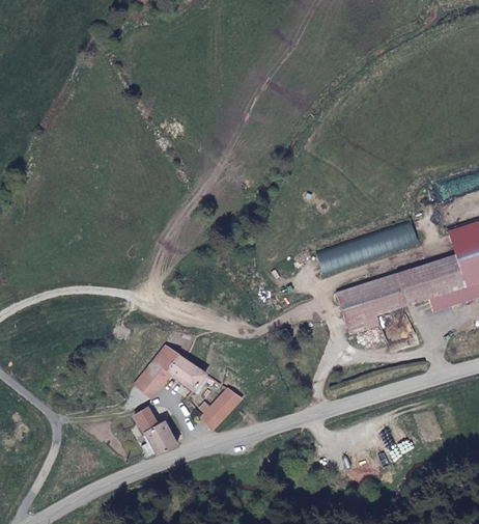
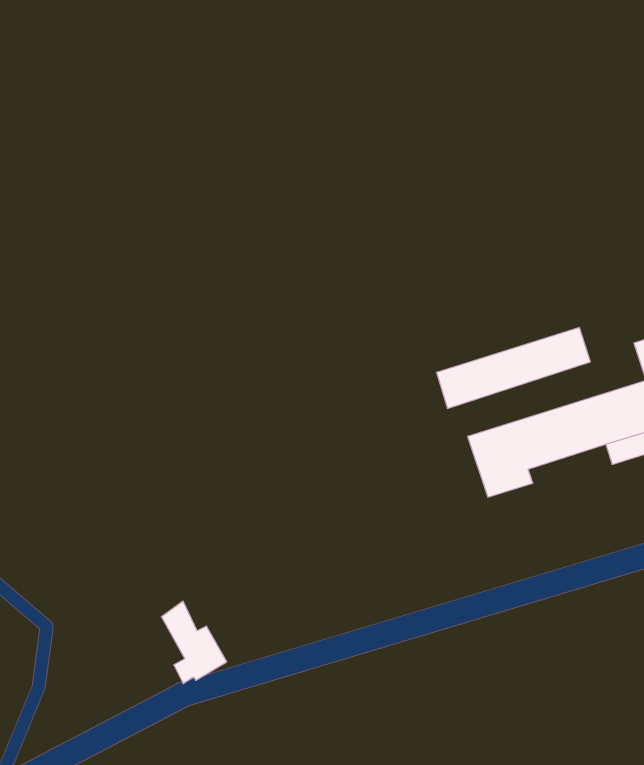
building: [135,344,207,398] -> none
building: [201,387,243,428] -> none

